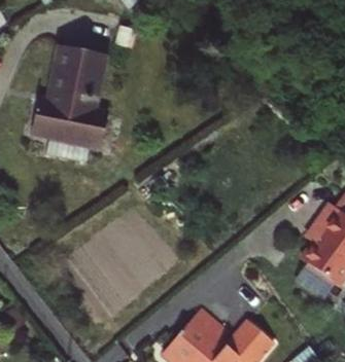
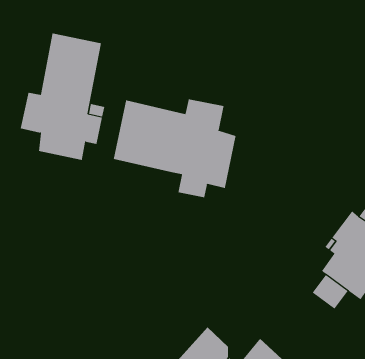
building: none -> [113,99,236,198]

